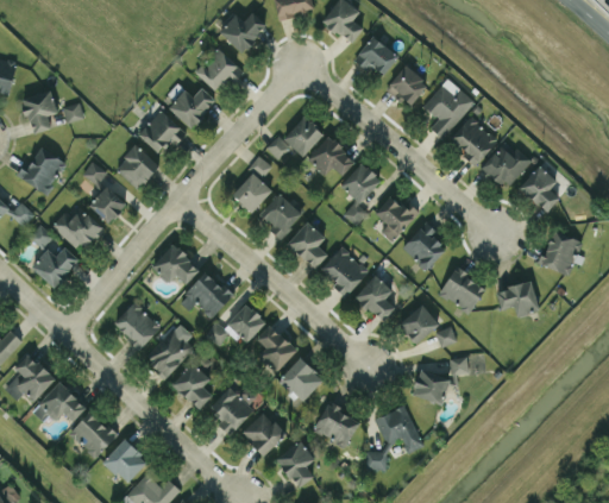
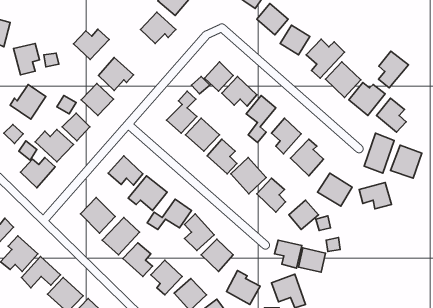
building: [168,87,216,128] -> [74,29,109,60]
building: none -> [378,51,409,88]
building: none -> [364,133,394,173]
building: none -> [274,240,302,268]

